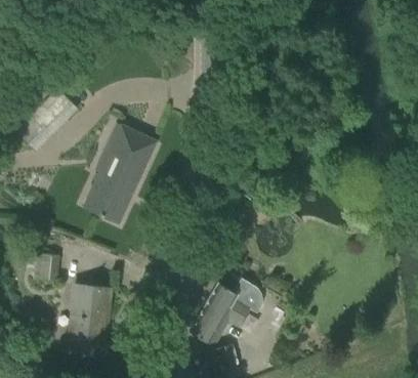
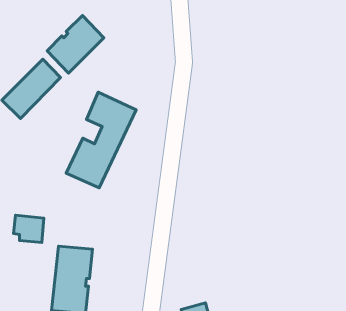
building: none -> [47,16,104,73]
building: [189,277,260,343] -> none

